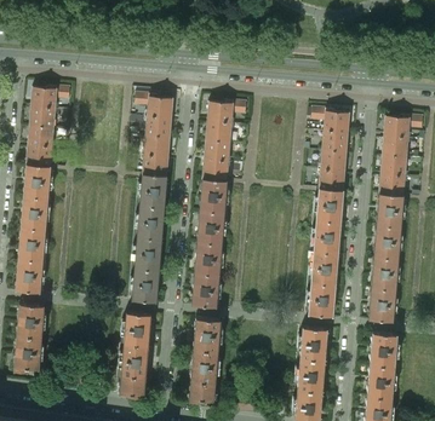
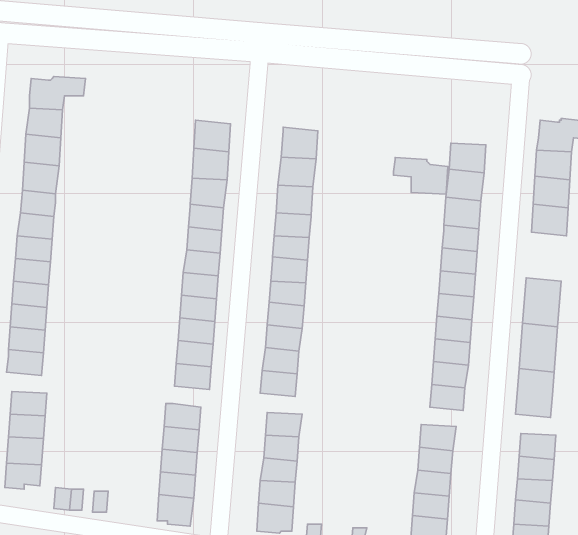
building: [134,94,173,120] -> none
building: [207,102,246,125] -> none
building: [311,109,349,134] -> [394,158,448,194]
building: [376,195,403,229] -> none

